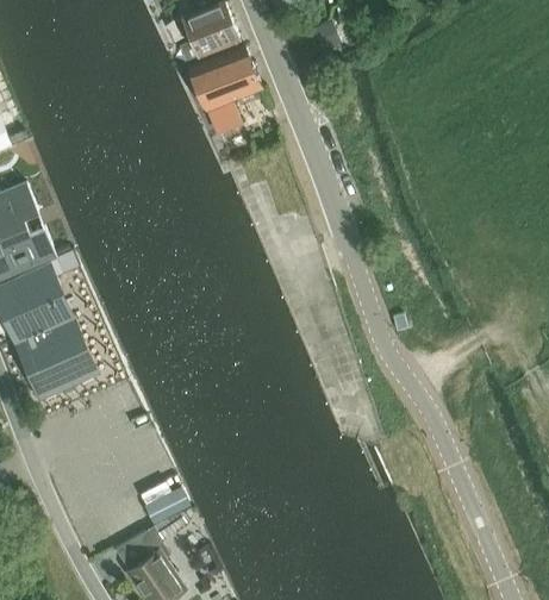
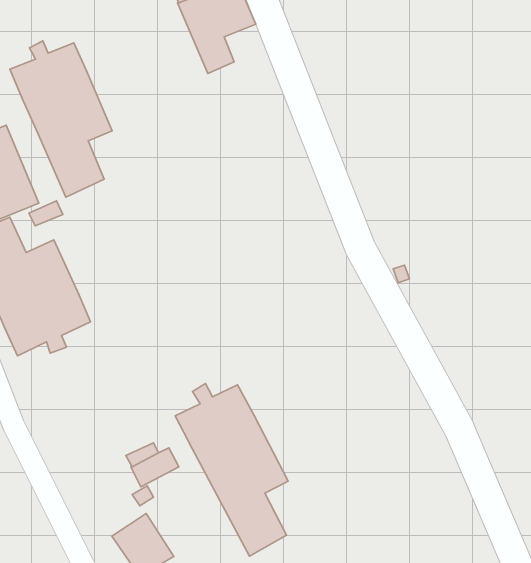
building: none -> [10,41,112,197]
building: none -> [175,384,288,556]

